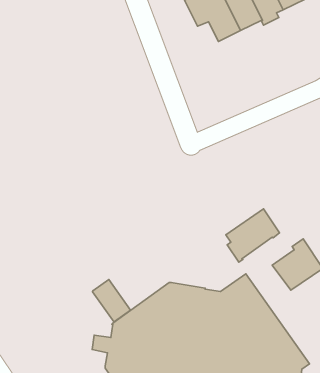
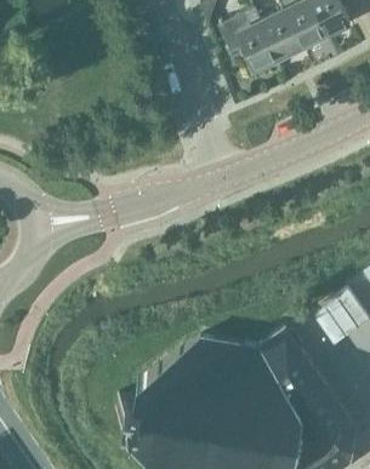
building: [226,209,279,262] -> none
building: [93,280,130,322] -> none

